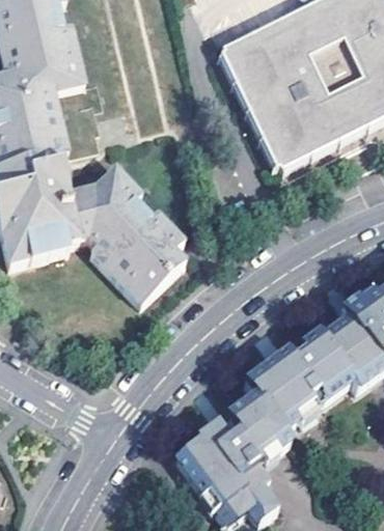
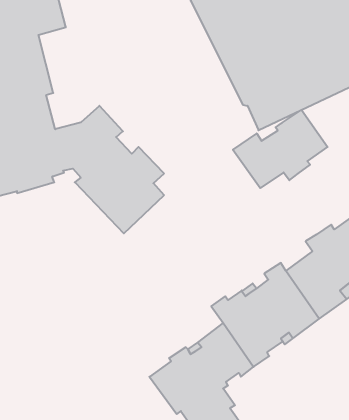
building: none -> [233,110,328,188]

